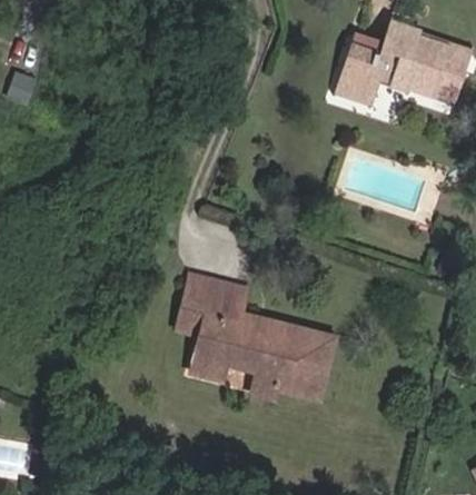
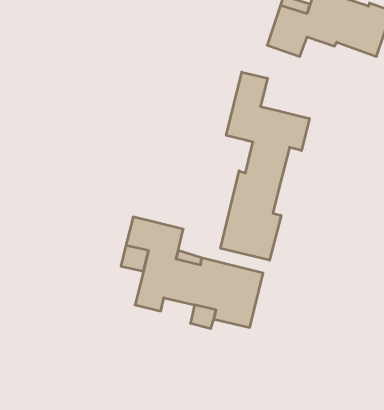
building: none -> [221,72,309,260]

